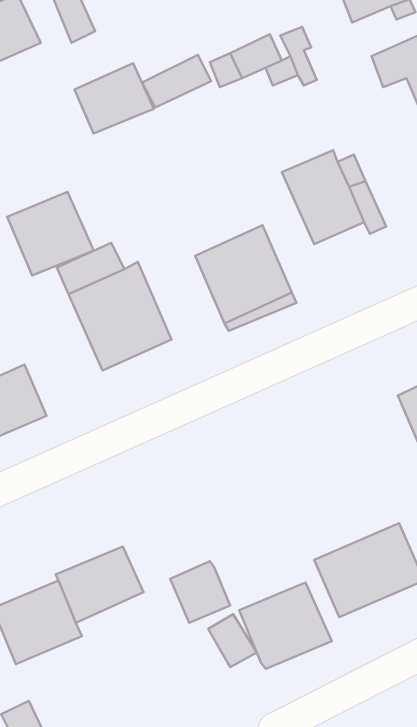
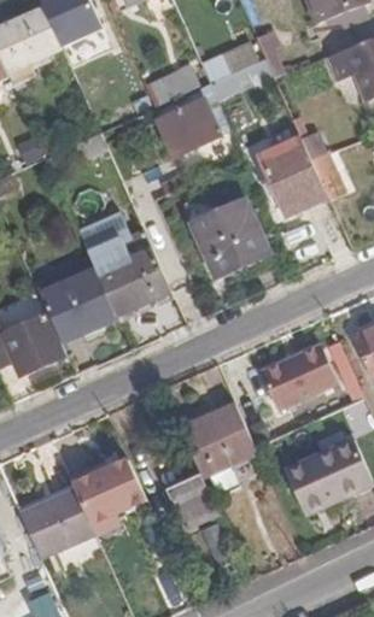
building: [75,63,154,134] -> [154,96,220,154]
building: [7,192,94,276] -> [42,270,113,339]
building: none -> [261,345,340,410]
building: [239,582,332,669] -> [182,406,258,477]

